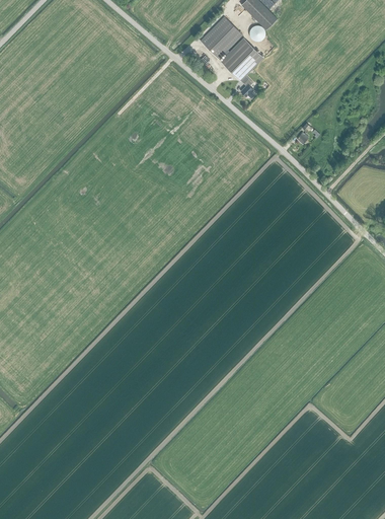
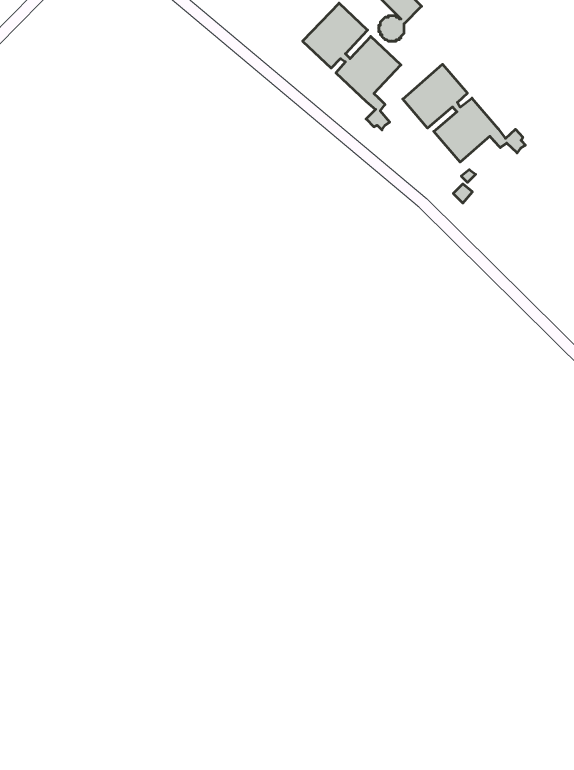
building: none -> [403,64,525,162]

